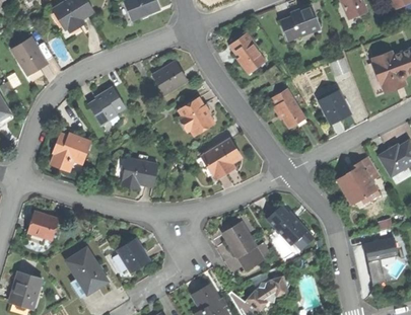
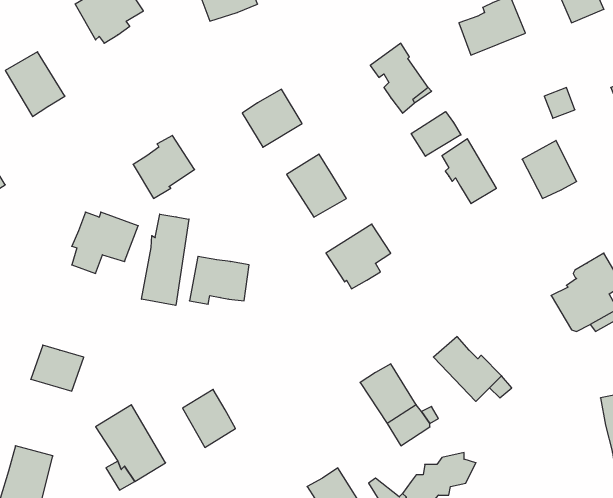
building: none -> [411,112,461,156]
building: none -> [142,214,189,305]

